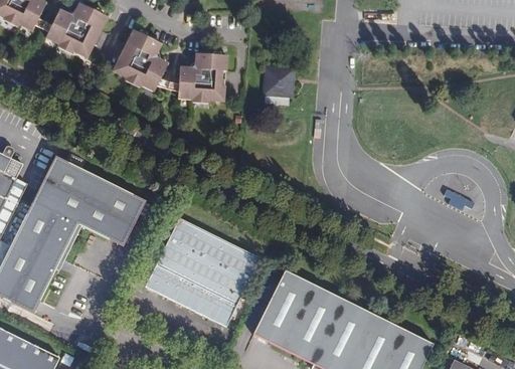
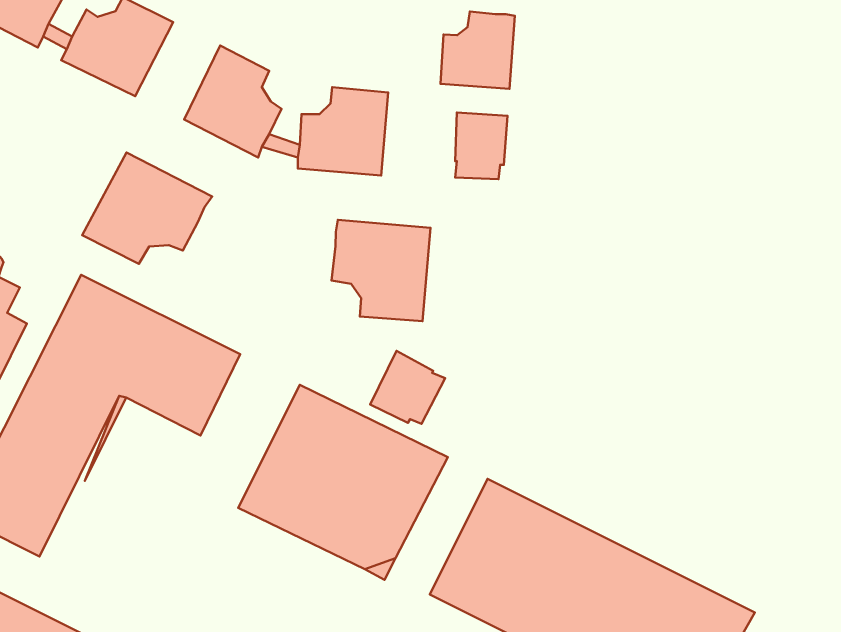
building: none -> [441,12,515,89]
building: none -> [82,153,212,264]
building: none -> [331,220,431,321]
building: none -> [370,351,445,424]

